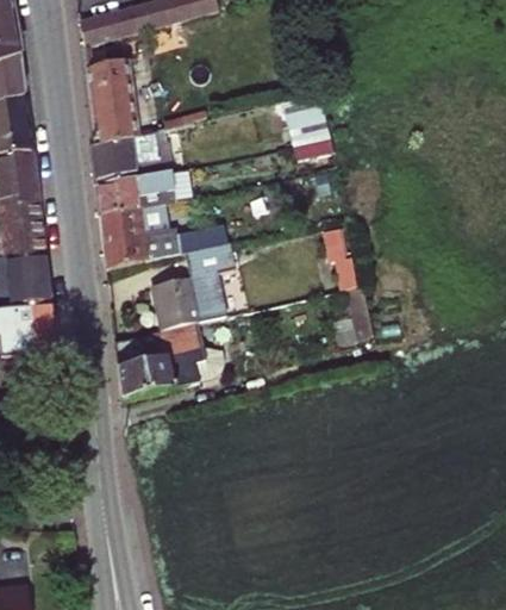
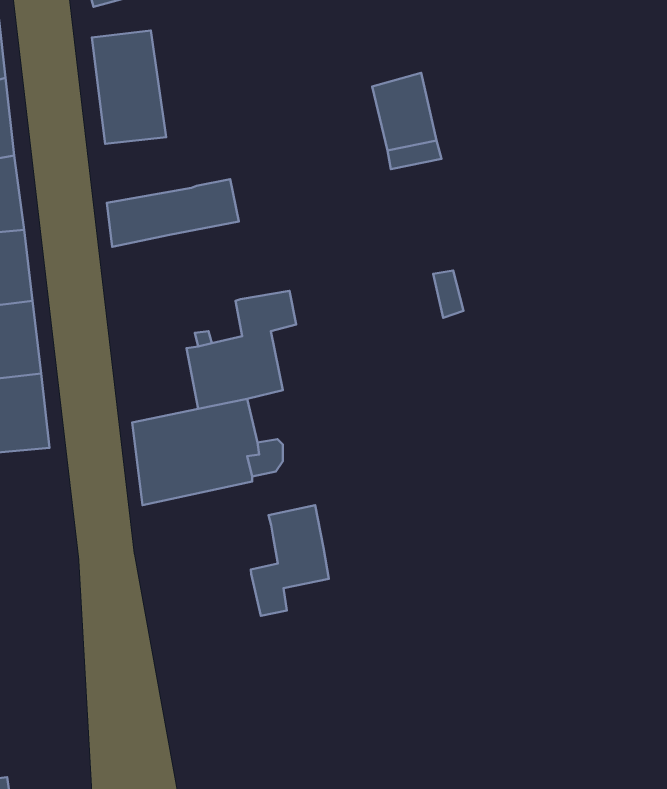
building: [92,129,169,182] -> none
building: [101,205,192,267] -> none
building: [332,285,375,344] -> none
building: none -> [251,505,329,616]

